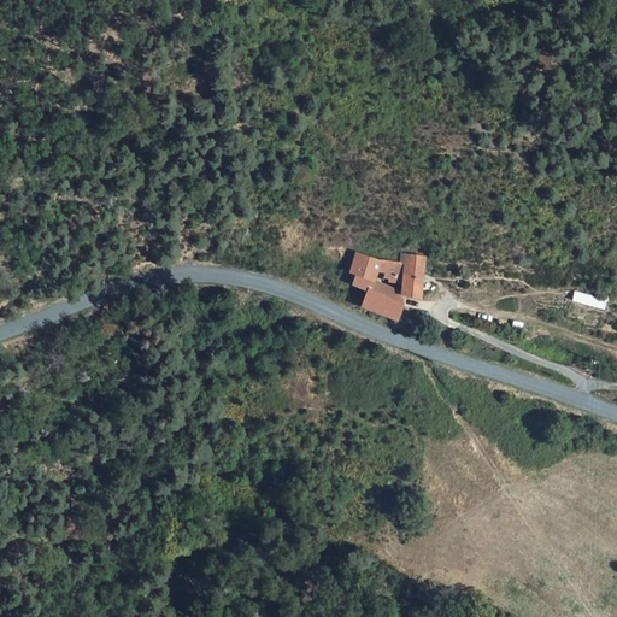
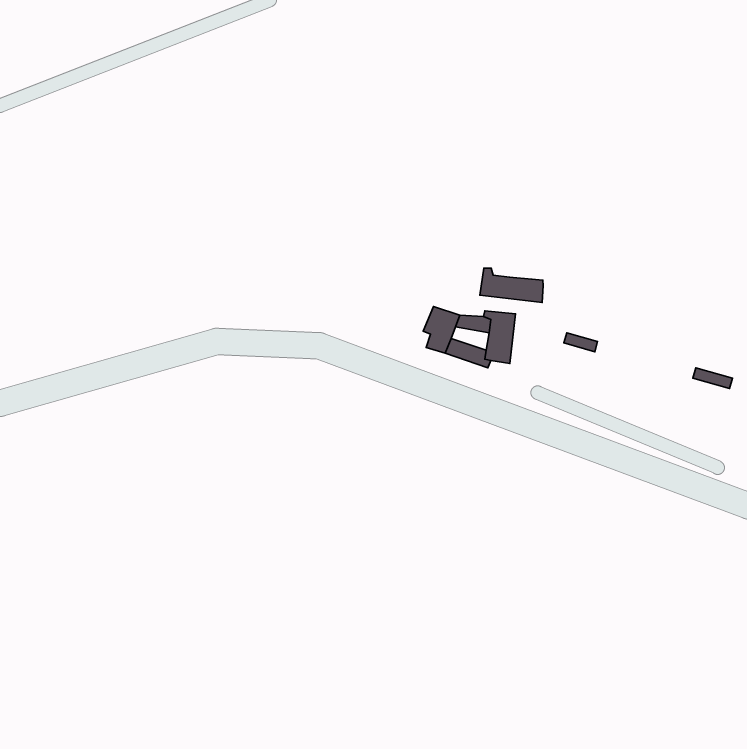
building: none -> [480,268,543,302]
building: [362,290,402,319] -> none

